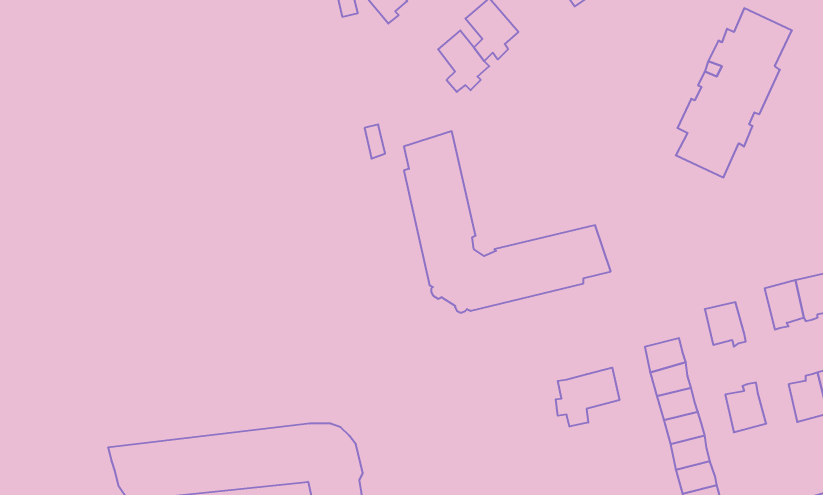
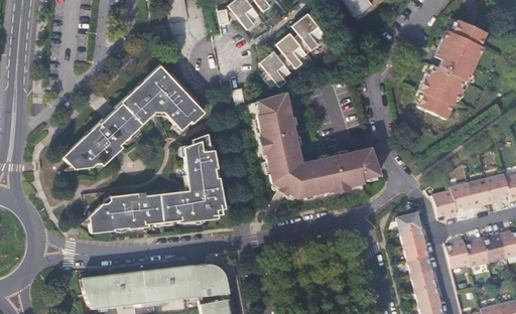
building: none -> [260,52,290,88]
building: none -> [62,65,204,169]
building: none -> [90,134,225,232]
building: none -> [450,185,475,211]
building: [556,368,619,427] -> none
building: none -> [465,240,488,268]

